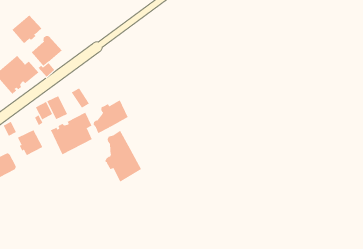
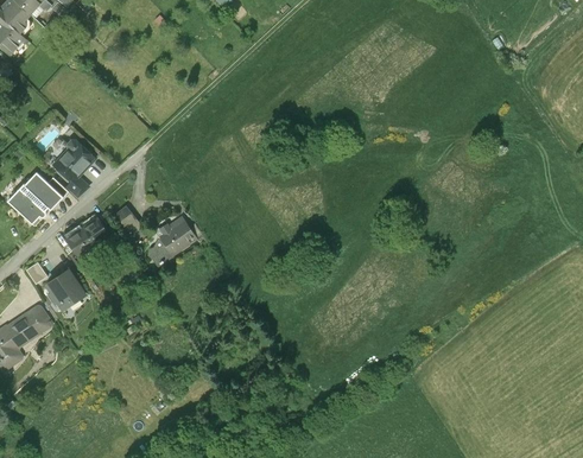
building: [11,15,42,44] -> none
building: [50,112,92,155] -> none
building: [105,130,142,182] -> none

